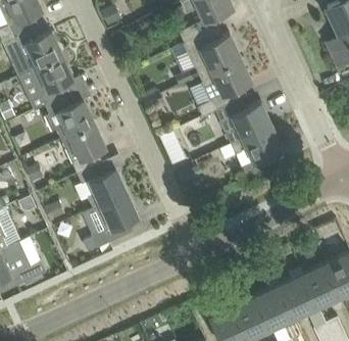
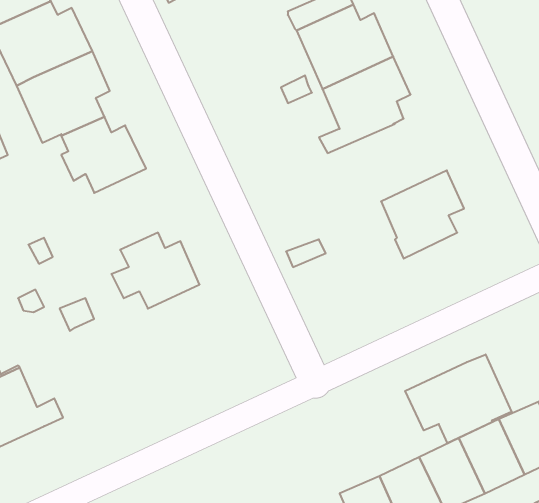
building: [202,99,272,145] -> none
building: [64,126,106,174] -> none
building: [83,194,138,247] -> none
building: none -> [405,354,512,443]

